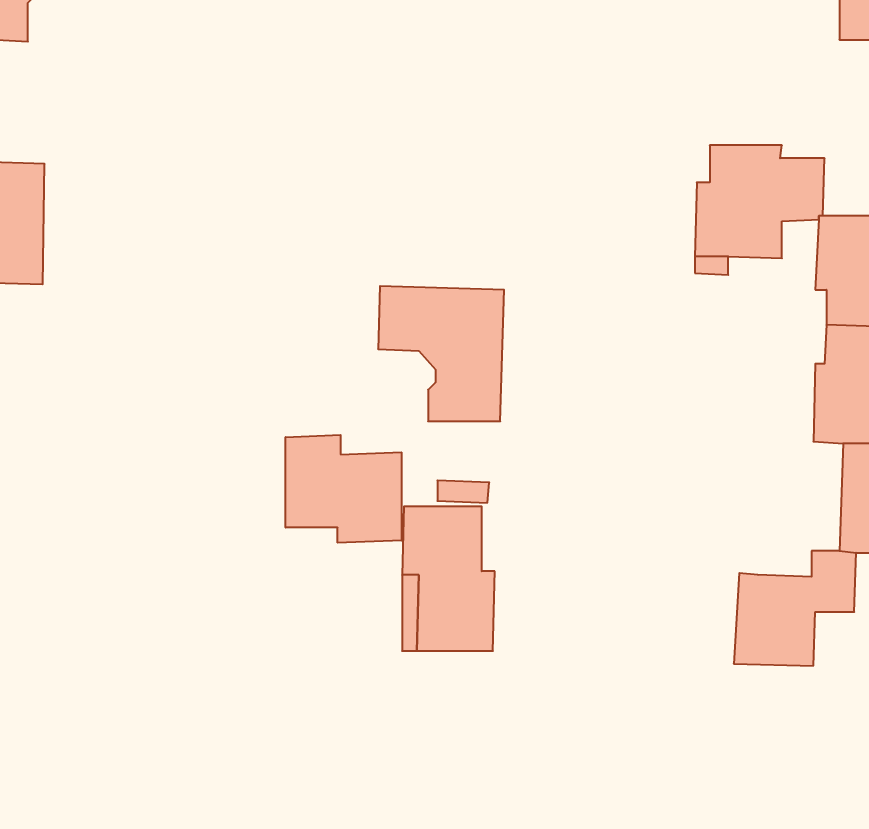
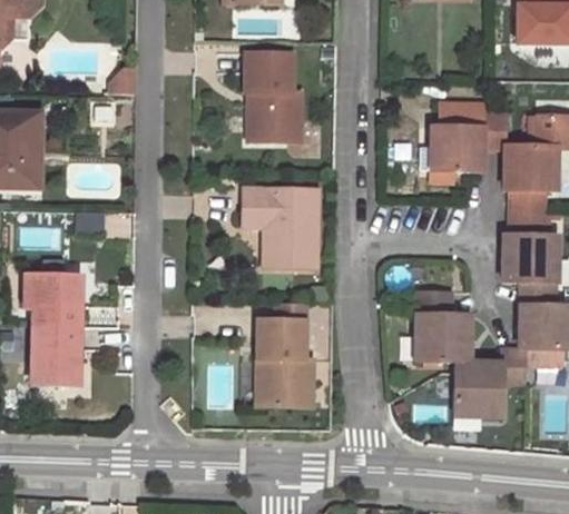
building: none -> [244,51,298,140]
building: [286,435,401,543] -> none
building: none -> [26,277,80,384]
building: none -> [415,291,470,360]

